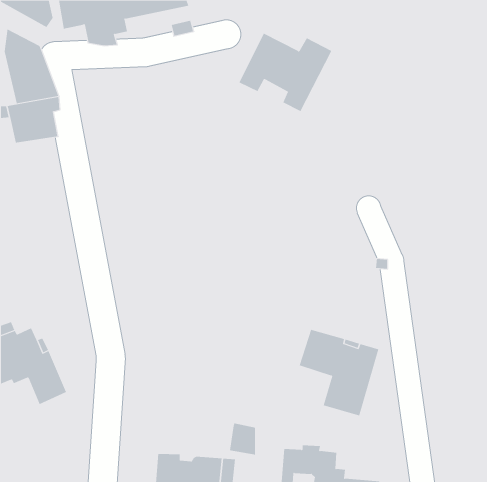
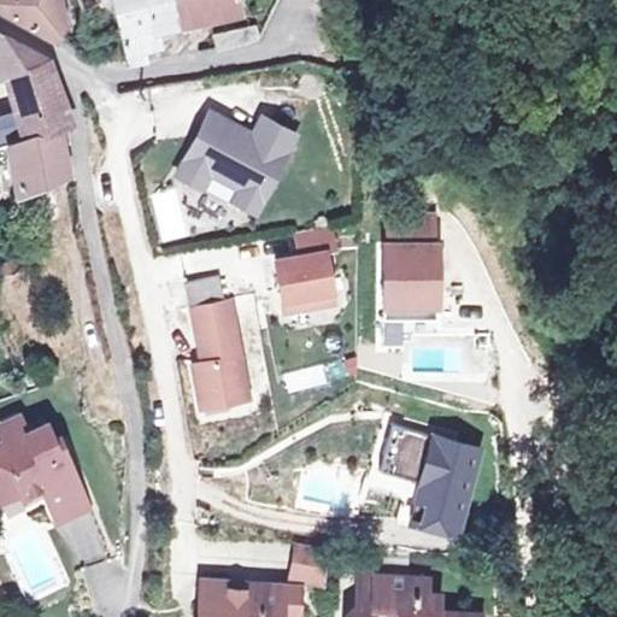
building: [239,33,332,112] -> [181,112,299,212]
building: none -> [383,216,440,319]
building: none -> [277,225,336,311]
building: none -> [187,276,249,406]

